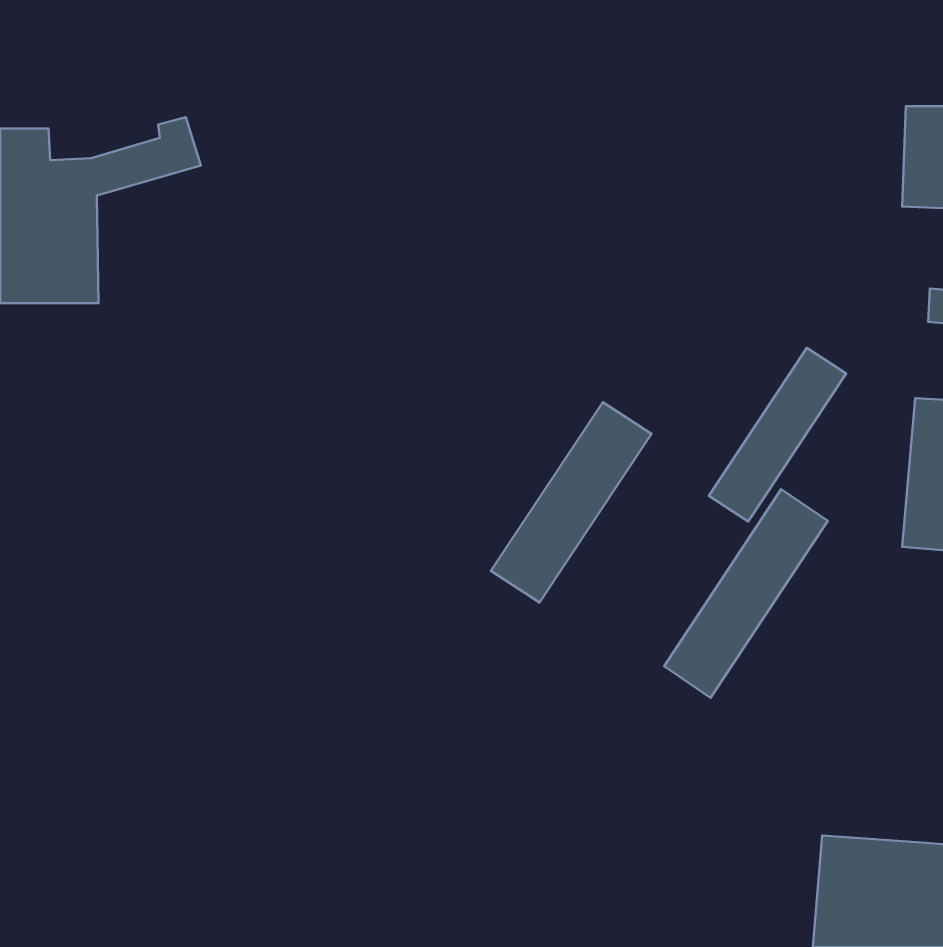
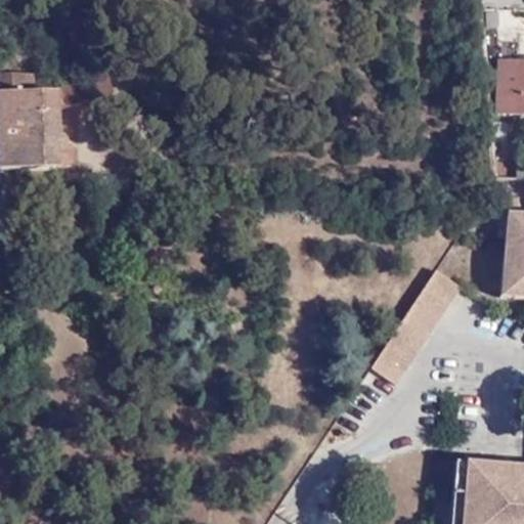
building: [709,348,846,521] -> none
building: [491,402,651,602] -> none

